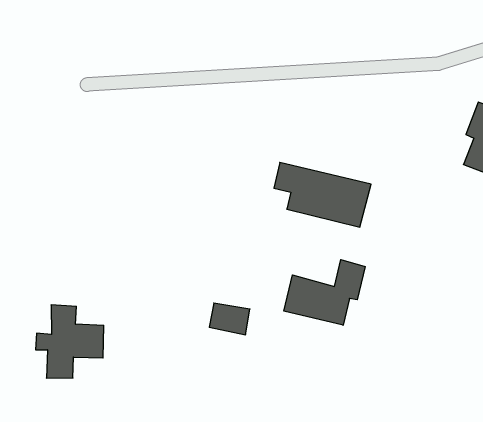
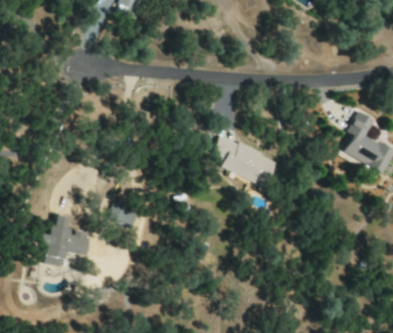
building: [284,260,365,325] -> none
building: [209,303,250,335] -> [109,203,138,227]

